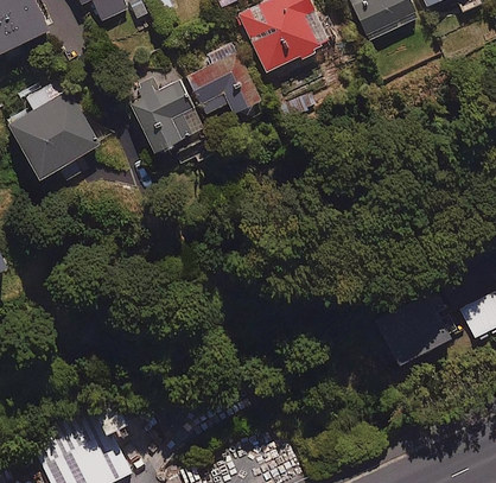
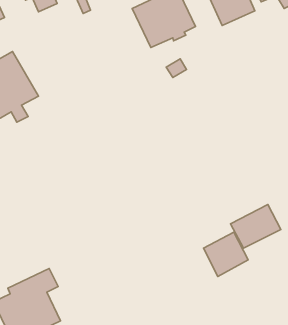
building: [186,52,259,114] -> none
building: [129,77,205,154] -> none
building: none -> [203,232,248,277]

